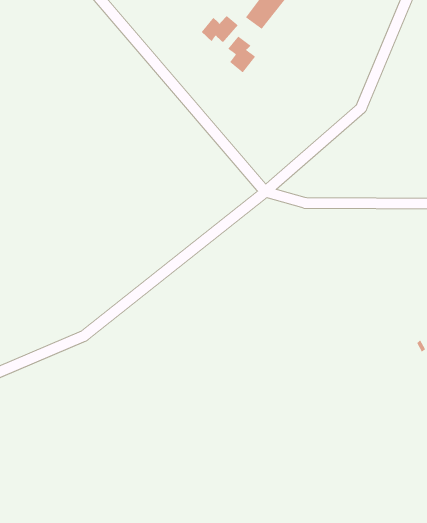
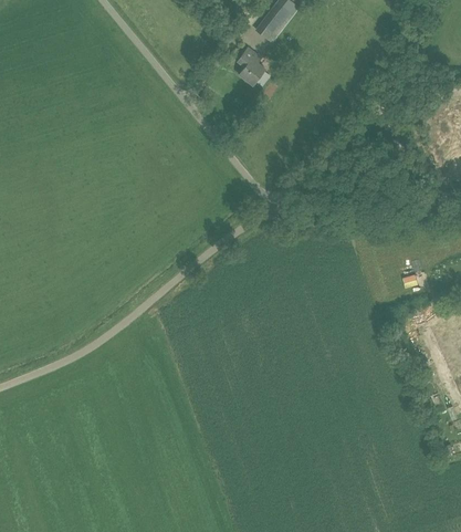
building: [201,15,239,43] -> none

